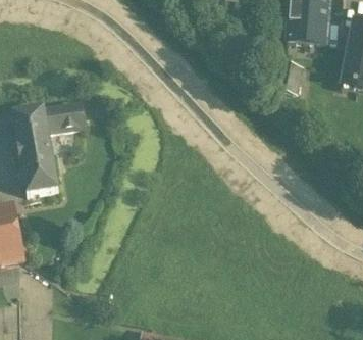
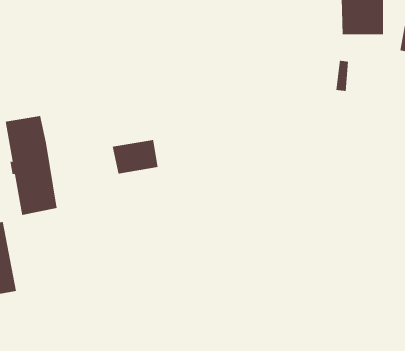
building: [43,102,83,132] -> [112,139,159,174]

